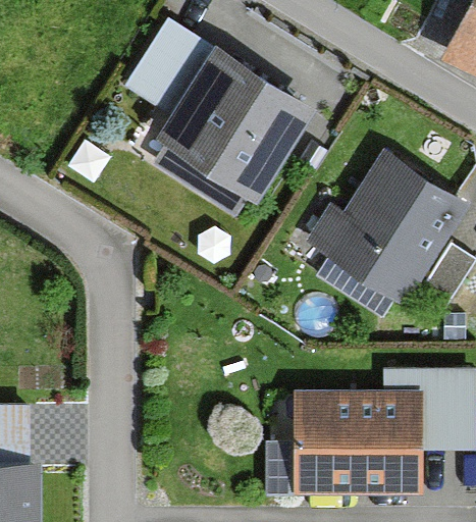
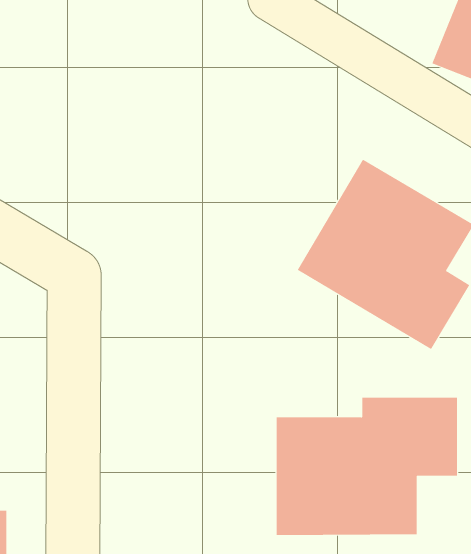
building: [117,15,319,196] -> none

